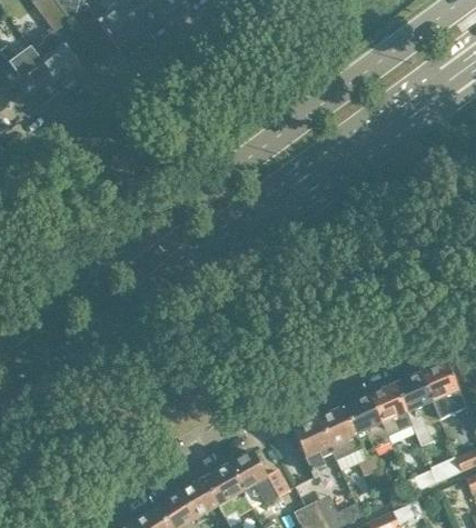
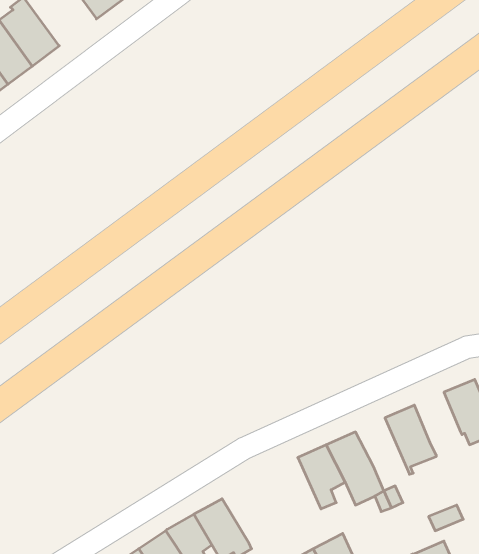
building: [391,370,432,444] -> none
building: [340,392,387,447] -> none
building: [225,448,276,501] -> none

